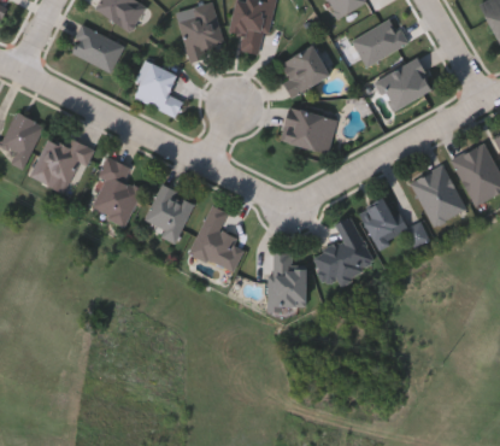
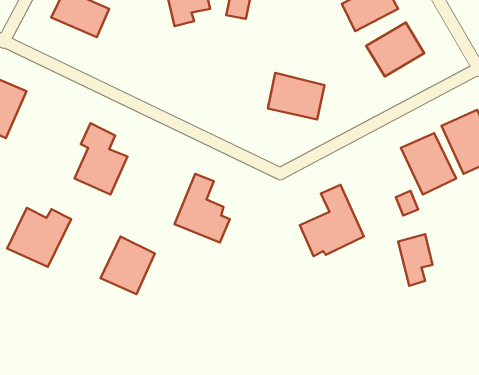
building: [280,43,329,95] -> none
building: [131,60,184,116] -> none
building: [29,137,92,195] -> [7,208,71,267]
building: [142,184,195,241] -> [101,236,155,294]
building: [361,200,395,251] -> [398,234,432,286]
building: [270,252,305,309] -> none

